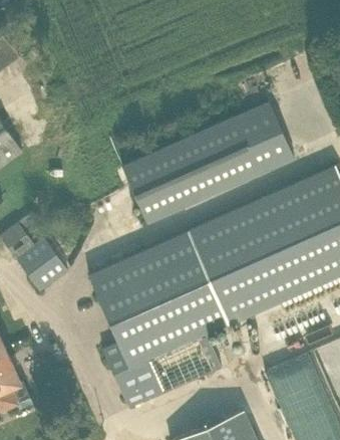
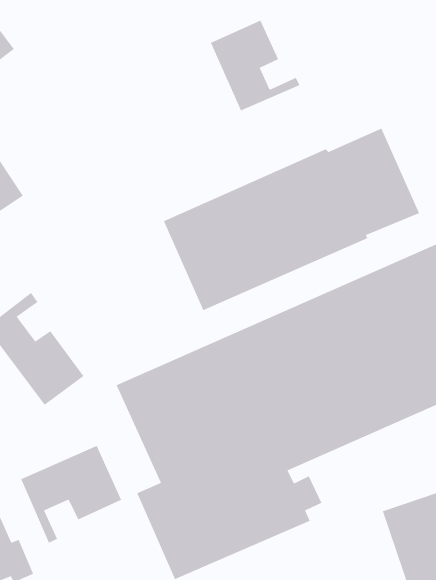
building: none -> [210,19,301,112]
building: none -> [20,445,122,544]

